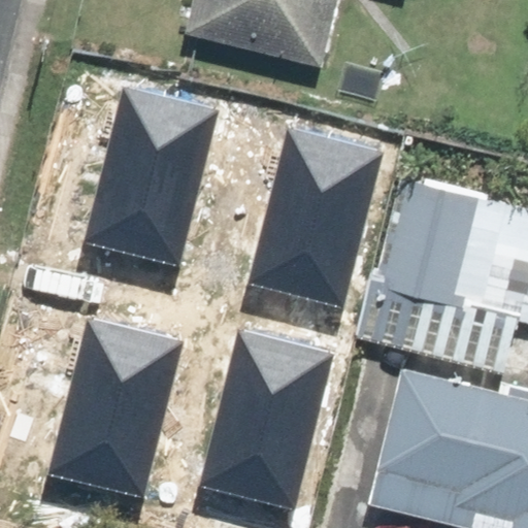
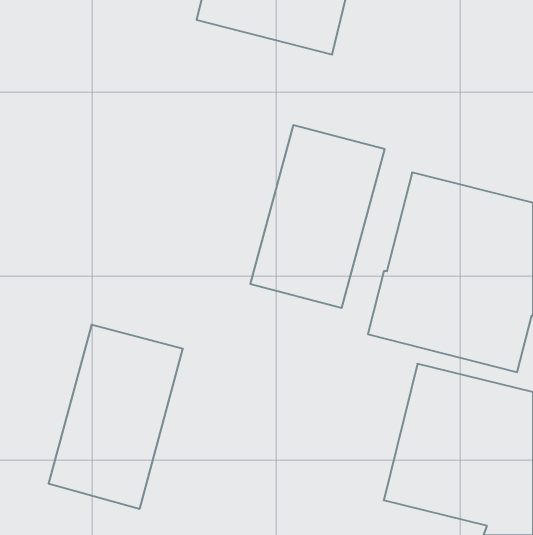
building: [86,92,218,271] -> none
building: [204,335,336,516] -> none

